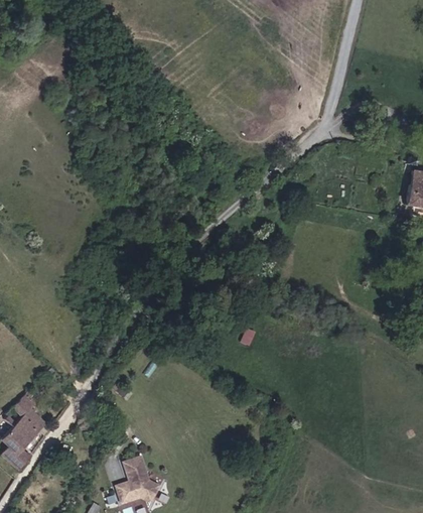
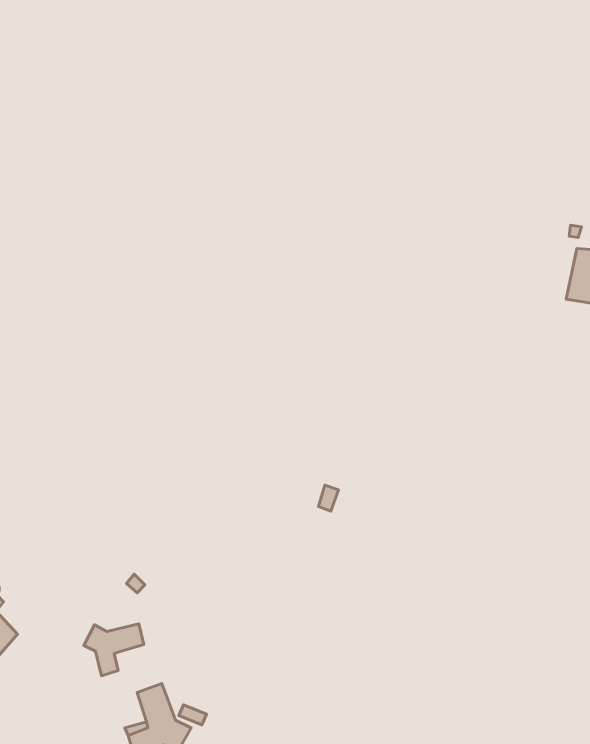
building: none -> [84,624,144,676]

